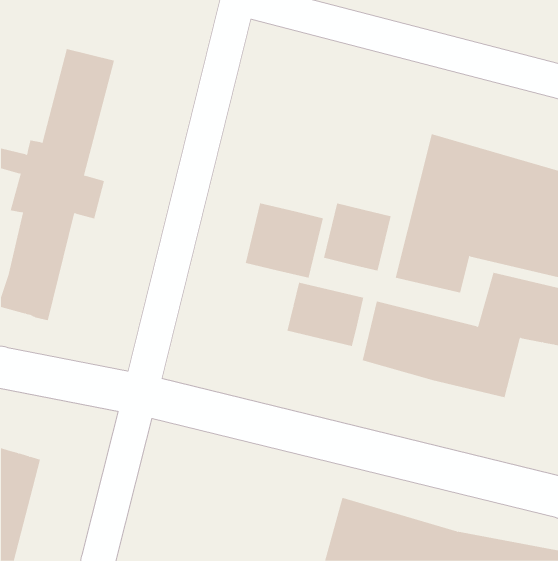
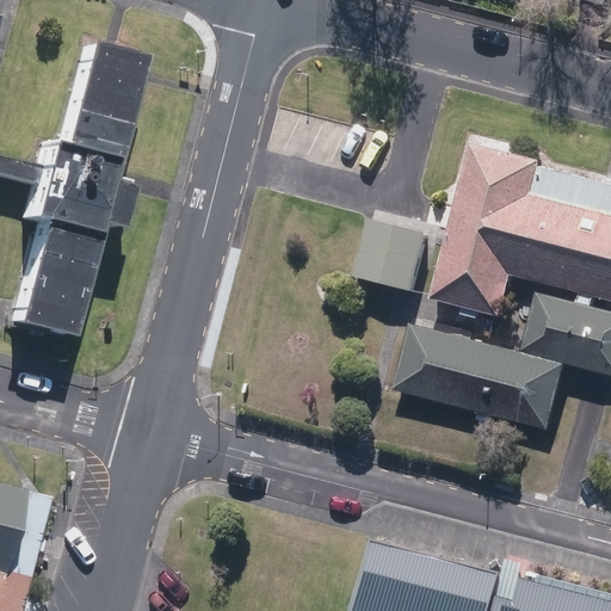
building: [245,202,323,279] -> none
building: [287,282,364,347] -> none

